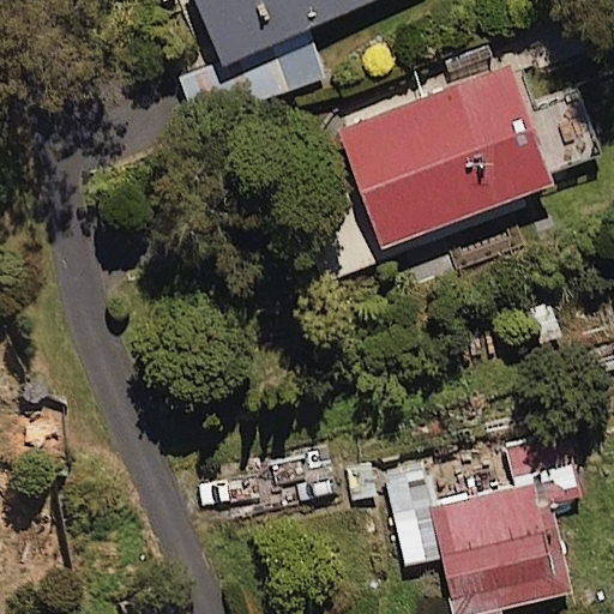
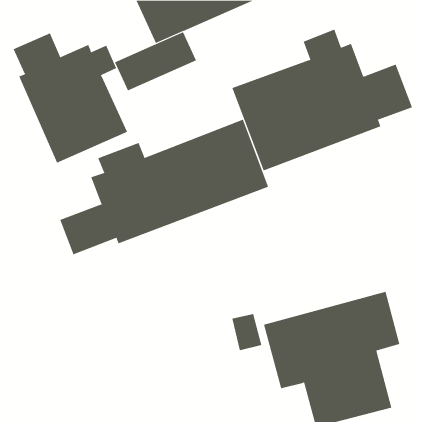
building: none -> [13,33,128,163]
building: none -> [60,119,269,255]

